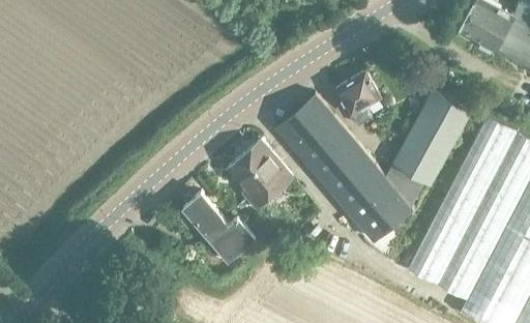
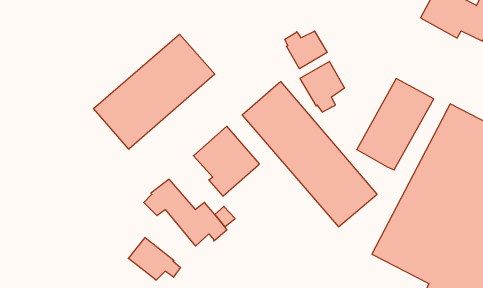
building: none -> [285,31,327,69]
building: none -> [94,34,215,149]
building: none -> [128,237,180,280]

